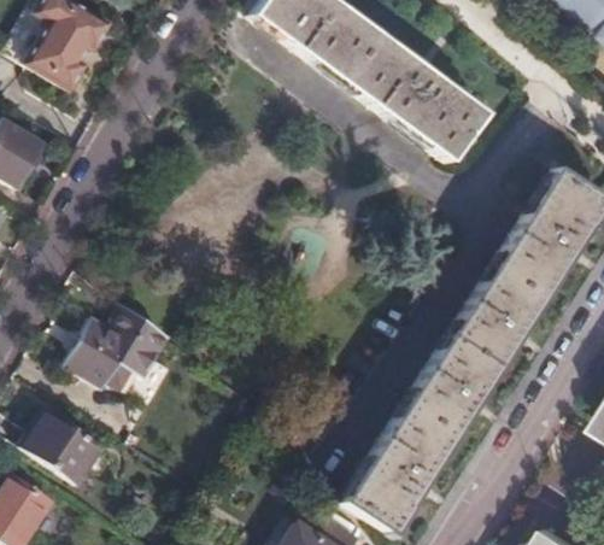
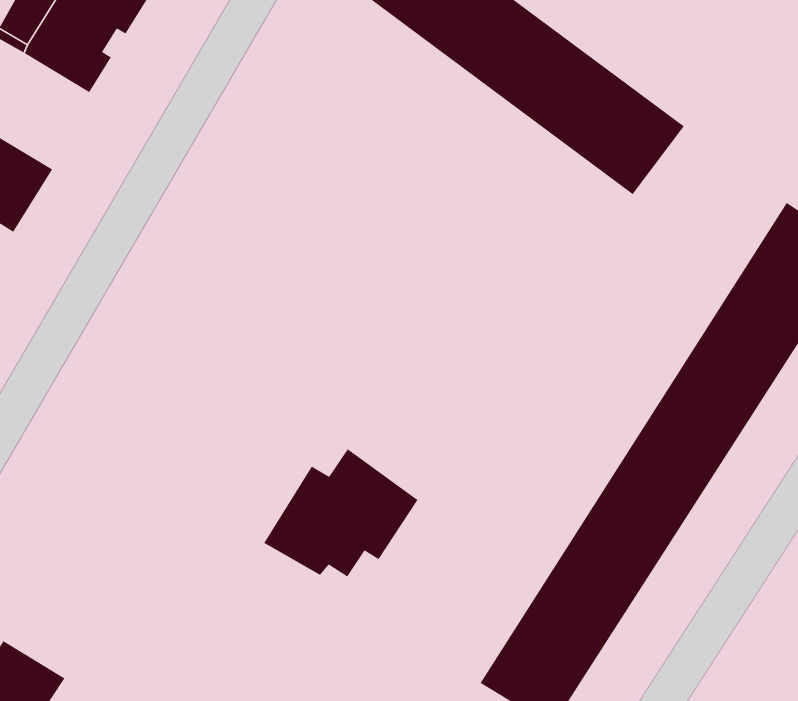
building: [60,304,169,394] -> [263,448,418,578]
building: [22,408,105,482] -> none

